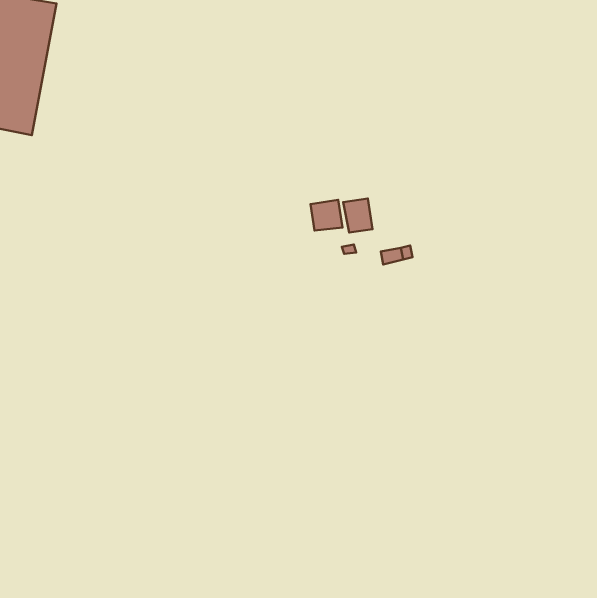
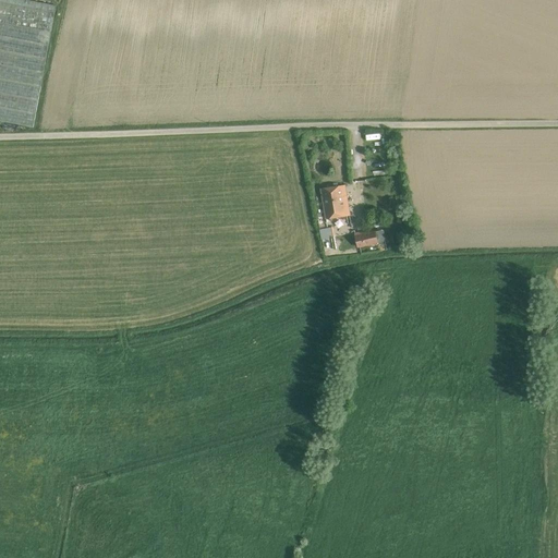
building: [310,200,343,230] -> none

